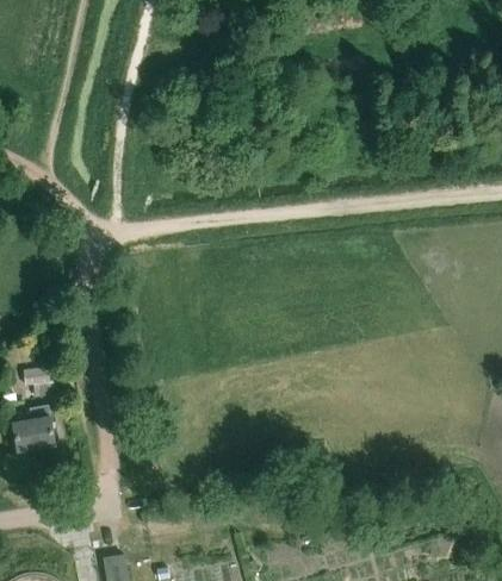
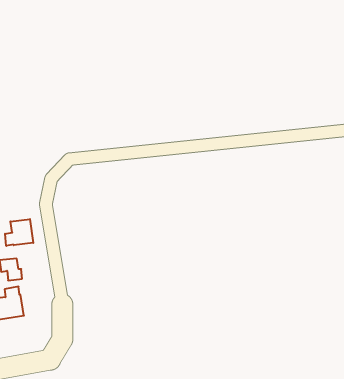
building: none -> [5,219,33,246]

